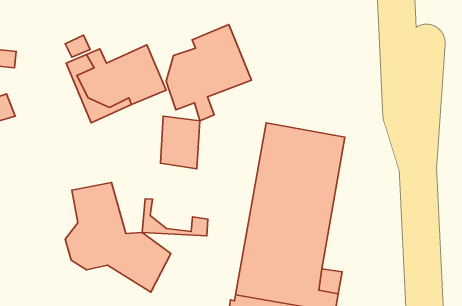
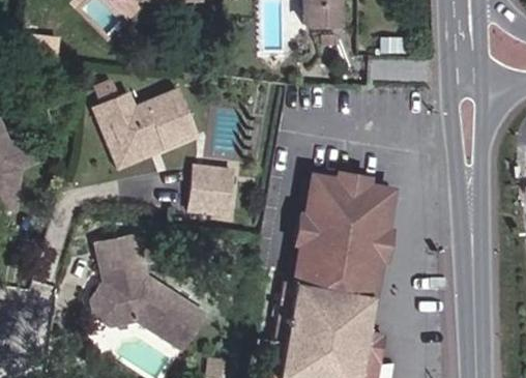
building: [166,25,251,121] -> none
building: [142,199,208,236] -> none

